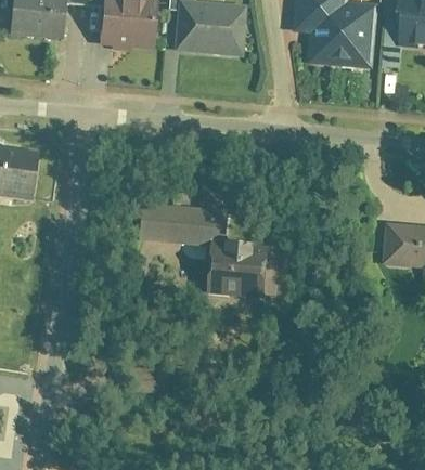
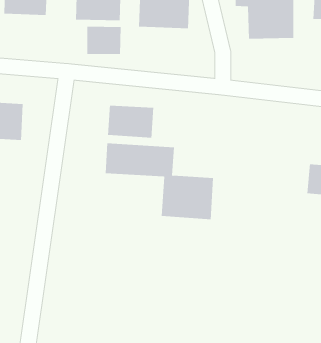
building: none -> [87,26,121,55]
building: none -> [108,105,154,138]

